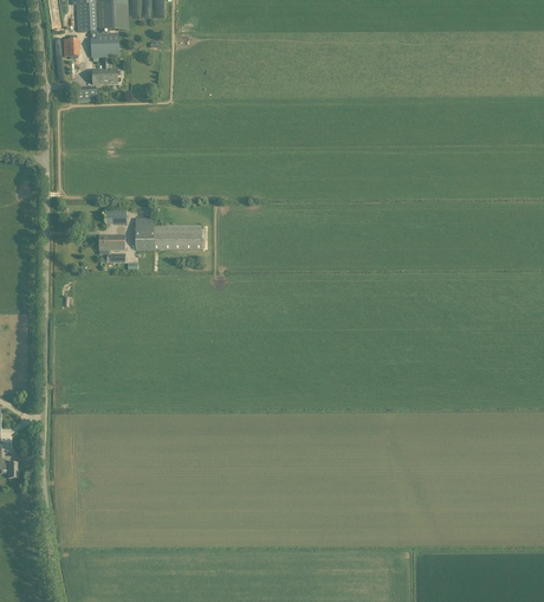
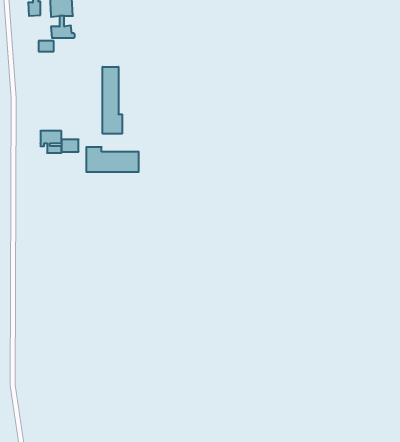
building: none -> [103,67,122,134]
building: [98,235,124,263] -> [40,131,61,153]

